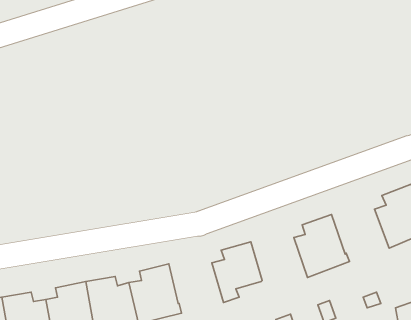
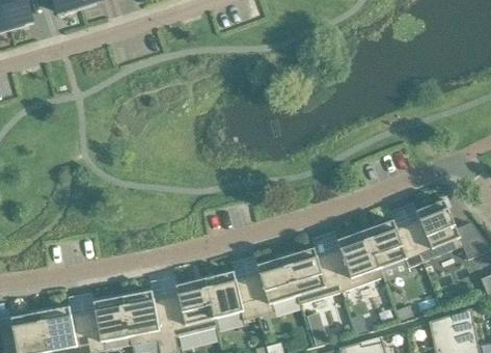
building: none -> [365,220,422,269]
building: none -> [285,247,342,304]
building: none -> [204,271,258,321]

